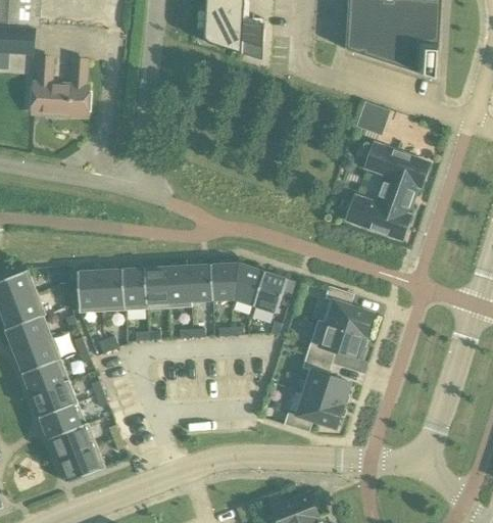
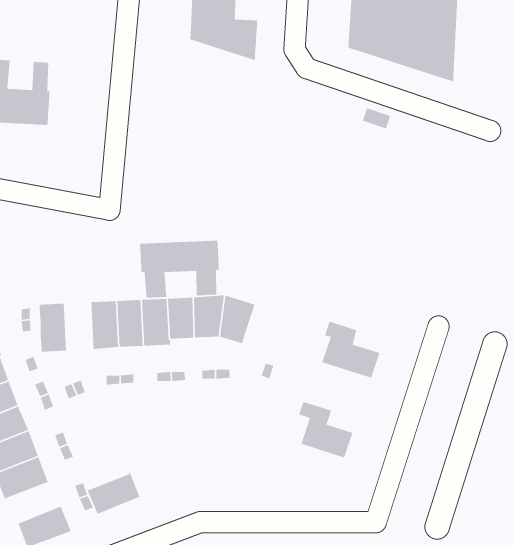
building: [346,143,428,239] -> none
building: none -> [139,240,220,299]
building: [99,269,124,312] -> none
building: [253,271,286,313] -> none
building: [305,320,363,363] -> none
building: [283,392,343,432] -> none
building: [49,423,96,461] -> [86,471,141,515]

